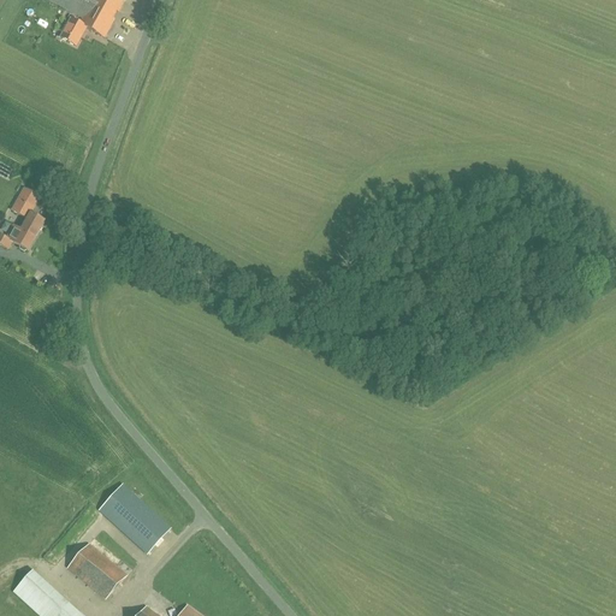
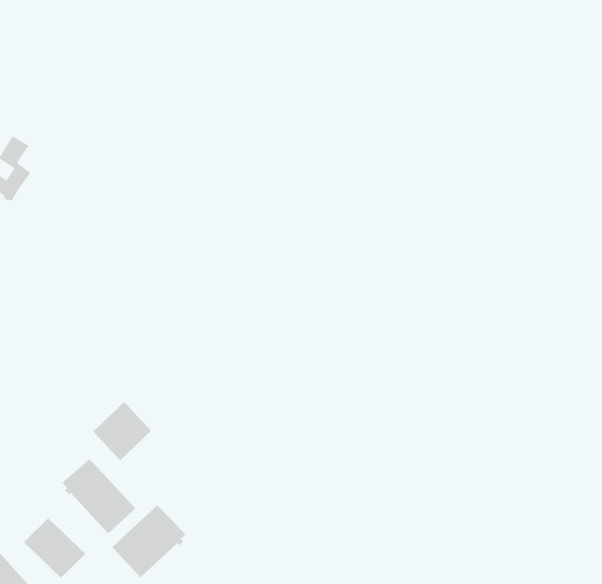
building: none -> [92,401,152,461]
building: none -> [111,505,186,578]

